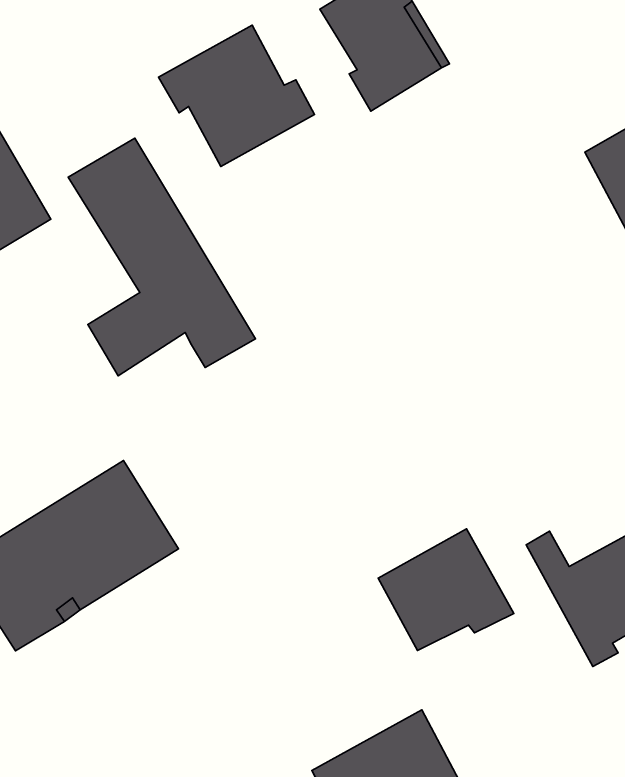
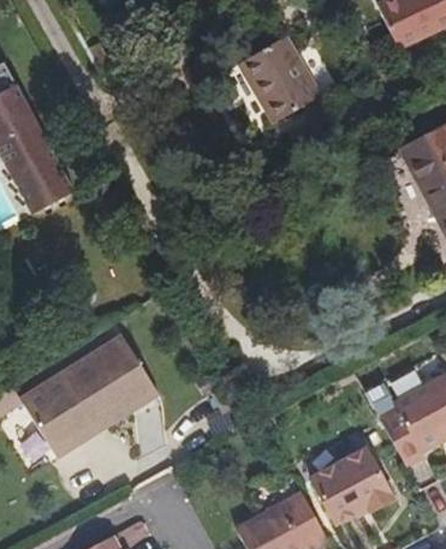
building: [159,25,314,167] -> none
building: [68,138,255,376] -> none
building: [378,529,514,651] -> [311,447,394,521]

